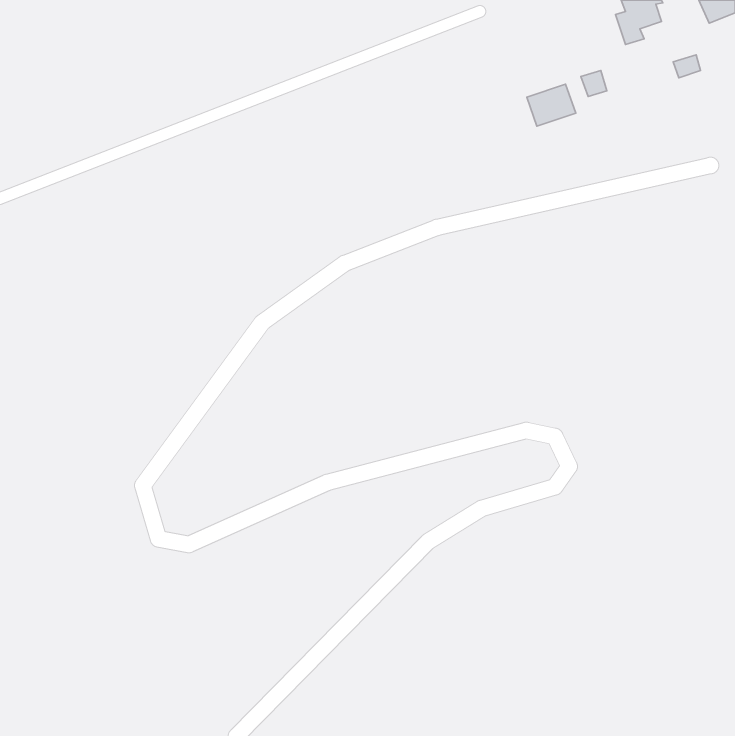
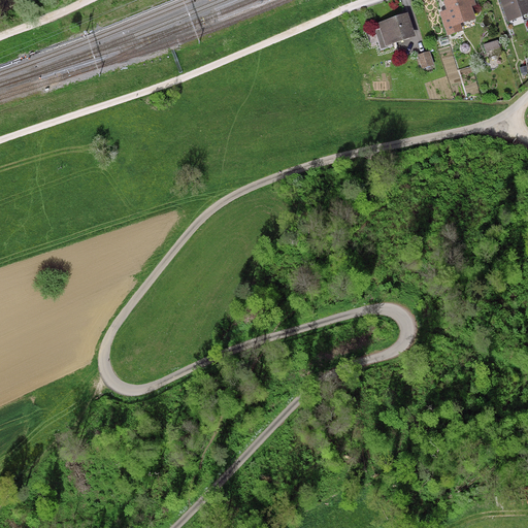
building: [527,84,576,126] -> [378,12,414,42]

